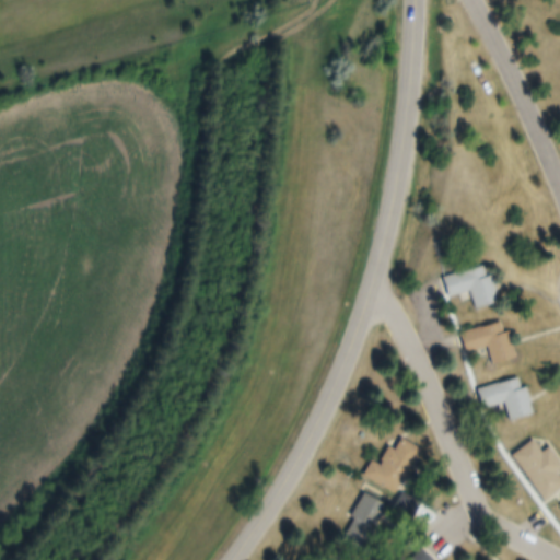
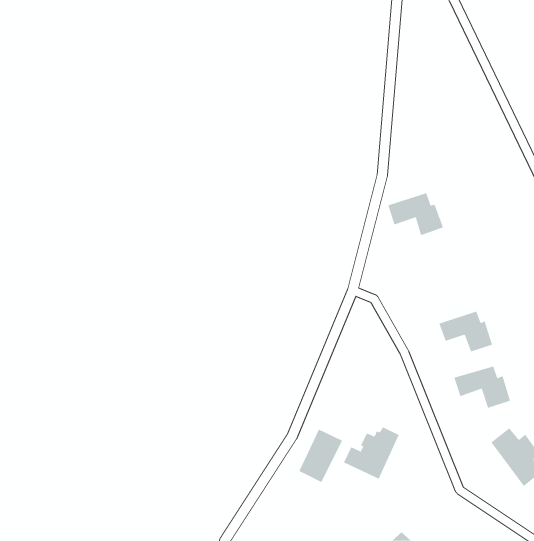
building: [441,262,499,307] -> [388,192,444,236]
building: [342,493,388,549] -> [298,429,343,483]

